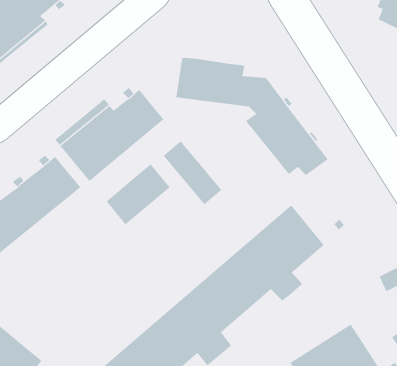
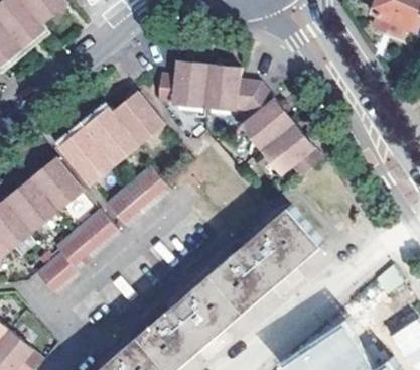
building: [163,140,222,205] -> none
building: none -> [31,209,116,293]

